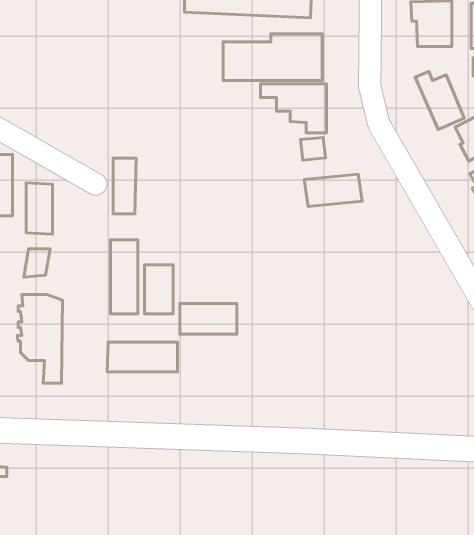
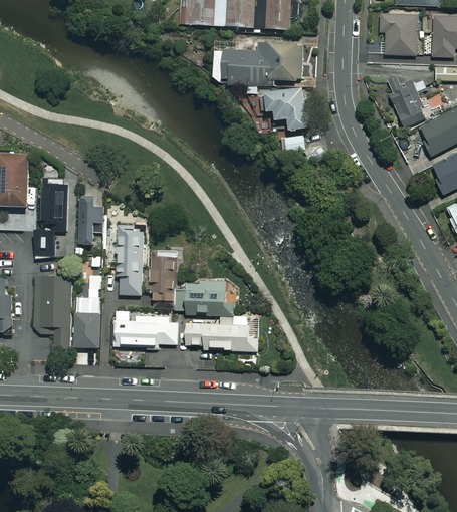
building: [113,158,136,214] -> [77,194,97,243]
building: [304,174,362,206] -> none
building: none -> [74,307,96,346]
building: none -> [183,317,254,343]

